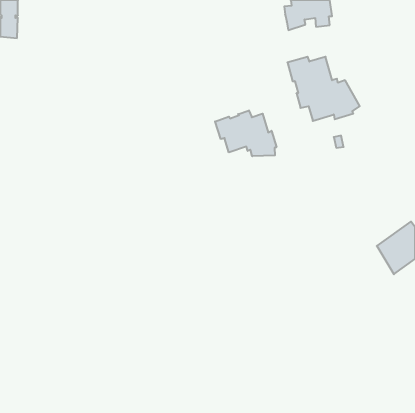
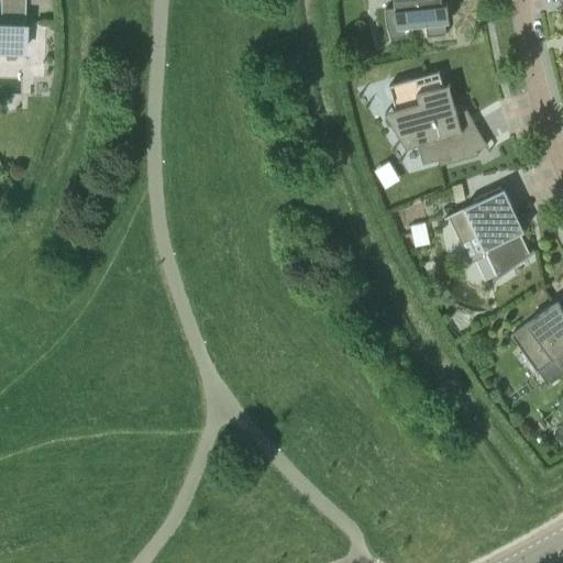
building: [215,110,276,156] -> none
building: none -> [444,187,534,282]

